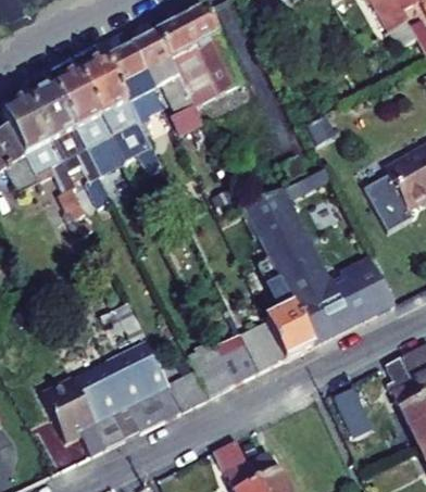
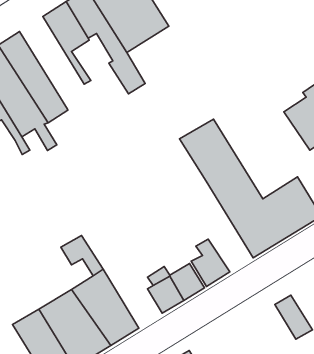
building: [77,58,159,174] -> none
building: [256,254,313,356] -> none
building: [166,367,208,409] -> none

